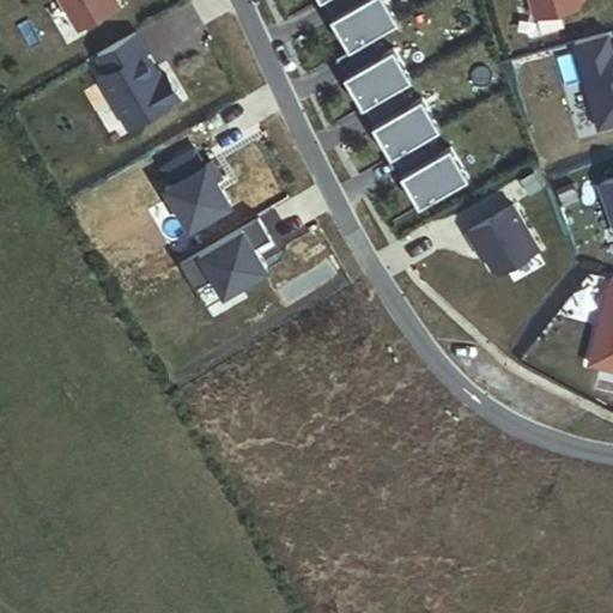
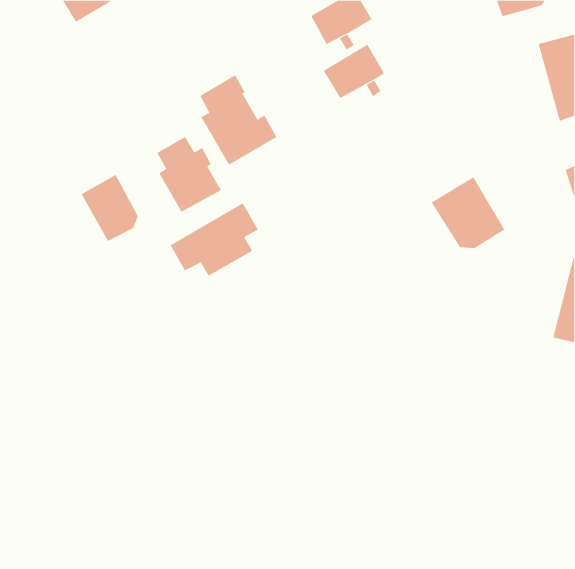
building: [101,32,183,129] -> [199,74,277,165]
building: [372,103,438,162] -> none
building: [400,152,467,211] -> none
building: none -> [81,174,139,242]

